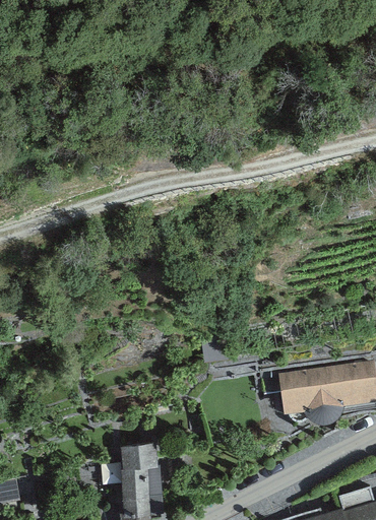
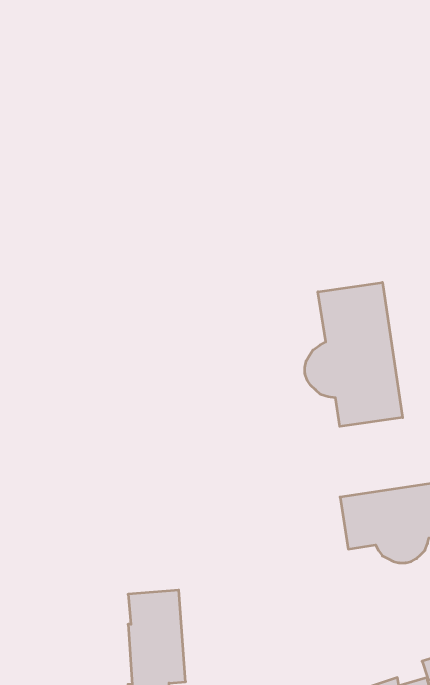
building: none -> [305,282,403,426]

